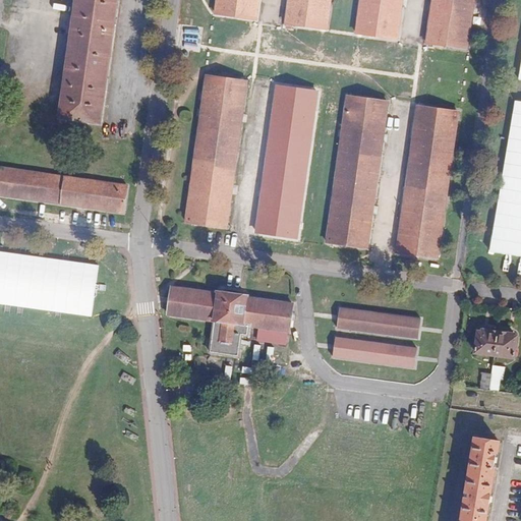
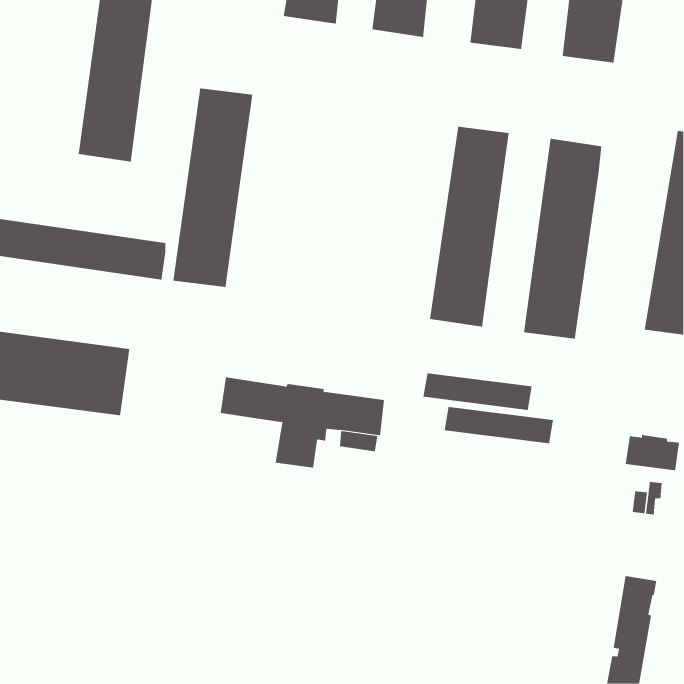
building: [185,75,246,227] -> [173,88,253,288]
building: [255,84,316,237] -> none
building: [333,338,416,366] -> [423,373,533,410]

